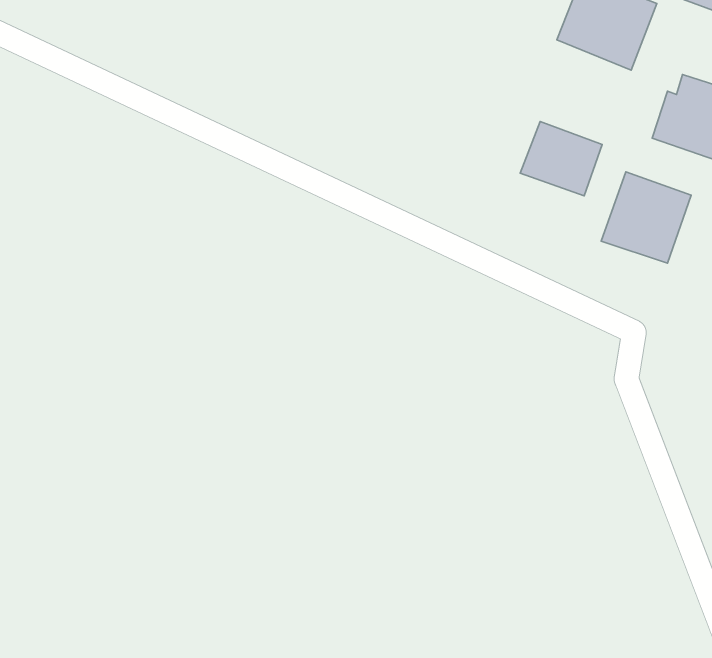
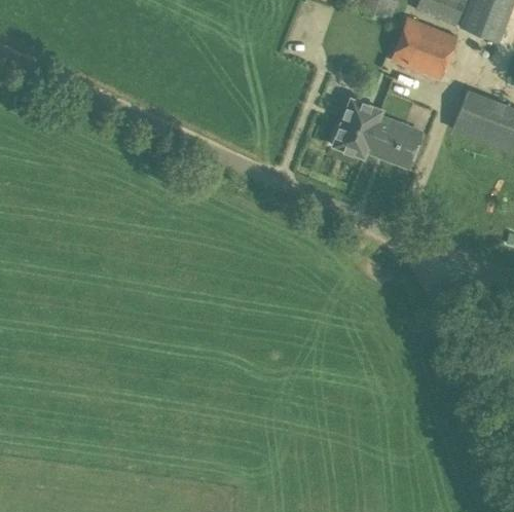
building: none -> [332,99,381,158]
building: [601,172,691,263] -> none

